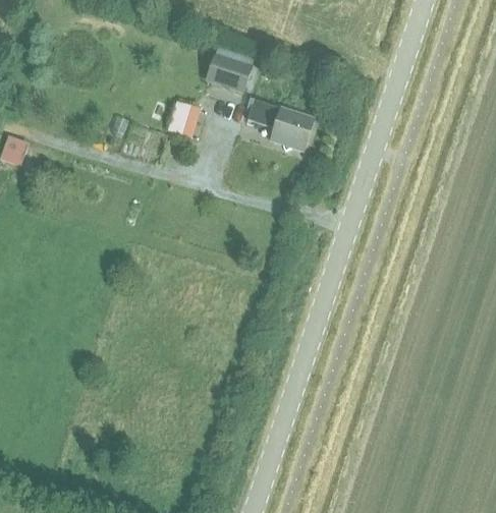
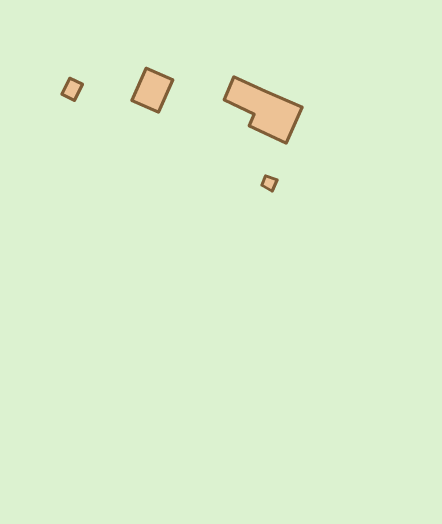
building: [207,56,251,92] -> none

